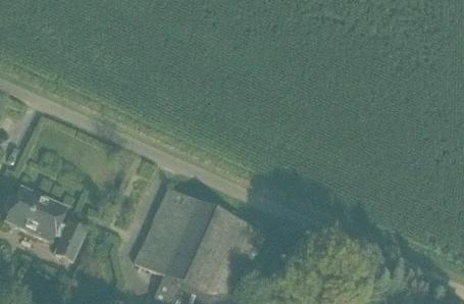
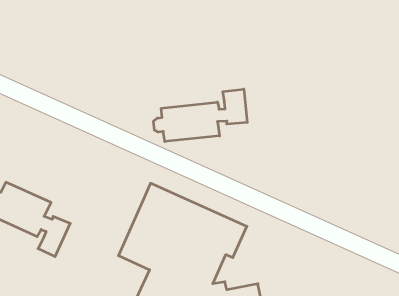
building: none -> [154,89,247,142]

